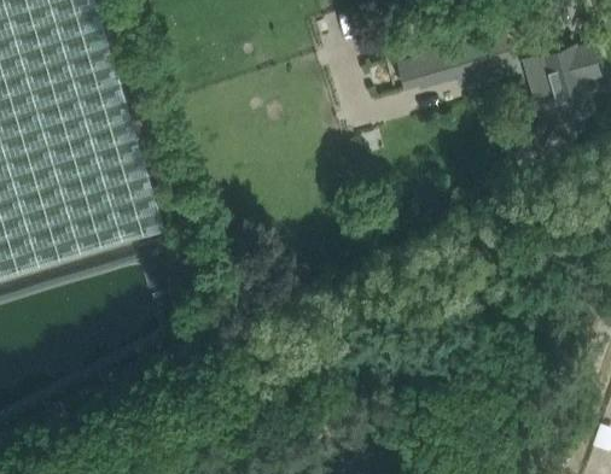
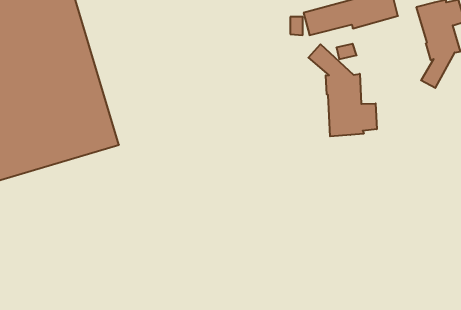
building: none -> [308,44,377,136]

